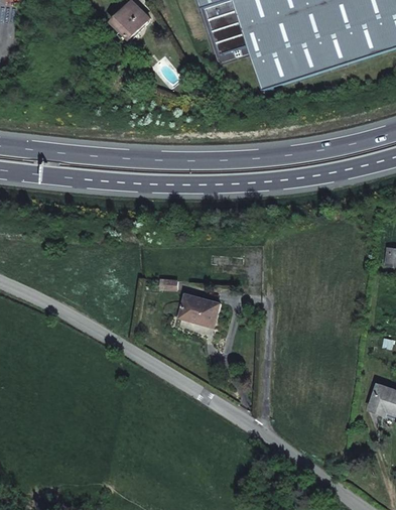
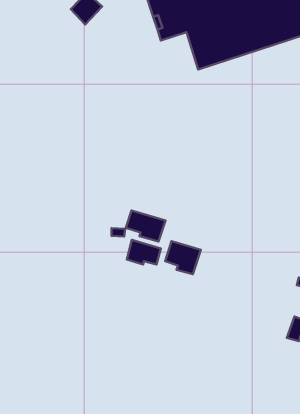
building: none -> [126,210,166,241]
building: none -> [165,241,201,274]

